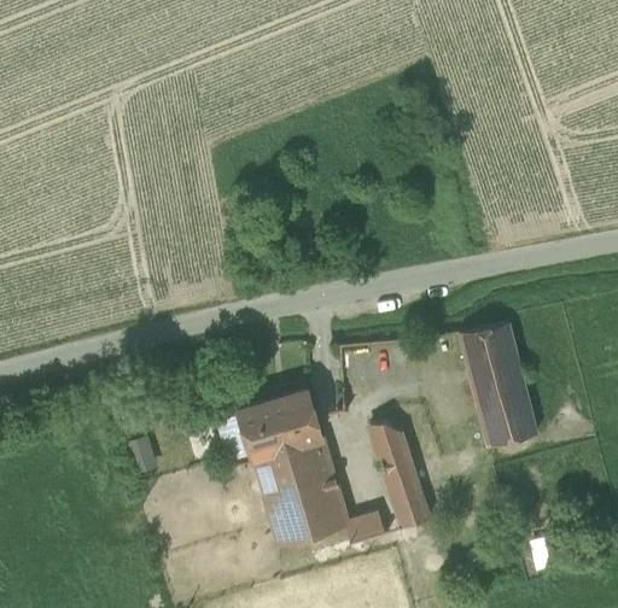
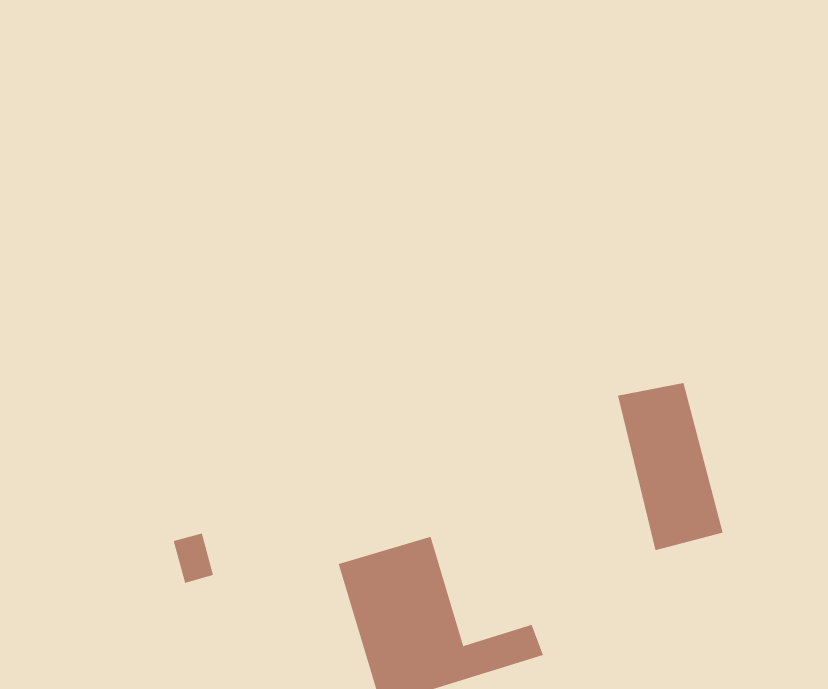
building: [239,390,322,457] -> none
building: [372,422,428,525] -> none

